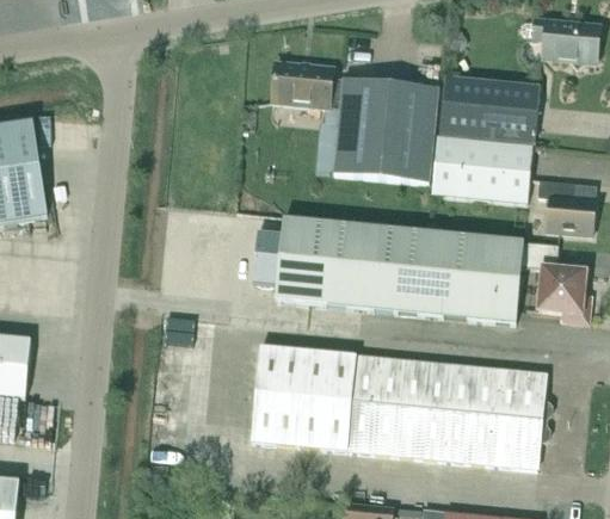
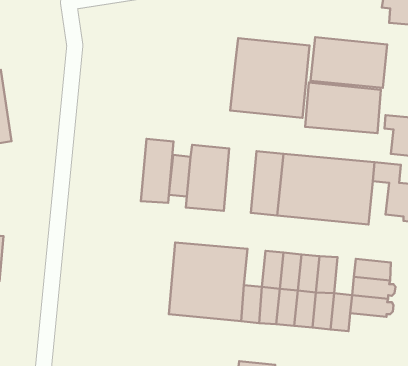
building: [271,60,343,106] -> none
building: [324,222,366,307] -> [141,139,173,203]
building: [350,354,378,404] -> none
building: [469,365,498,415] -> none
building: [488,439,538,468] -> none

